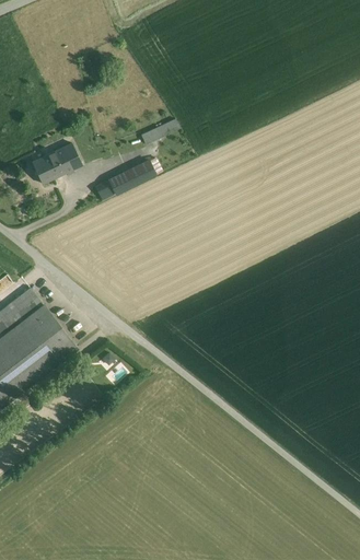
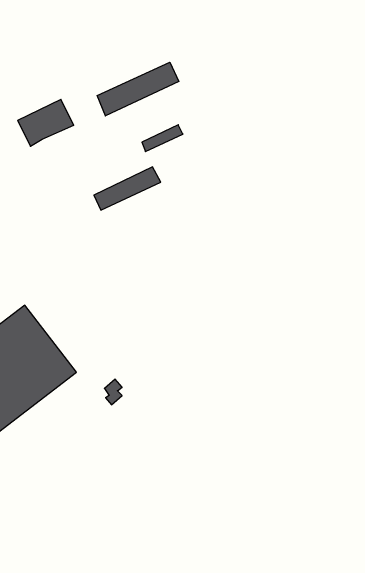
building: none -> [97,62,179,116]
building: [28,142,81,186] -> [18,99,74,146]

